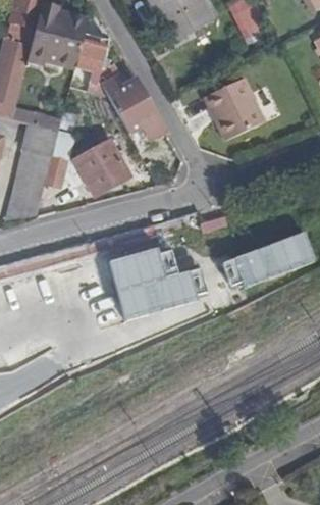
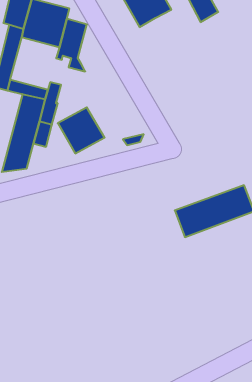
building: [205,77,265,139] -> none
building: [102,78,164,150] -> none
building: [103,249,206,325] -> none

